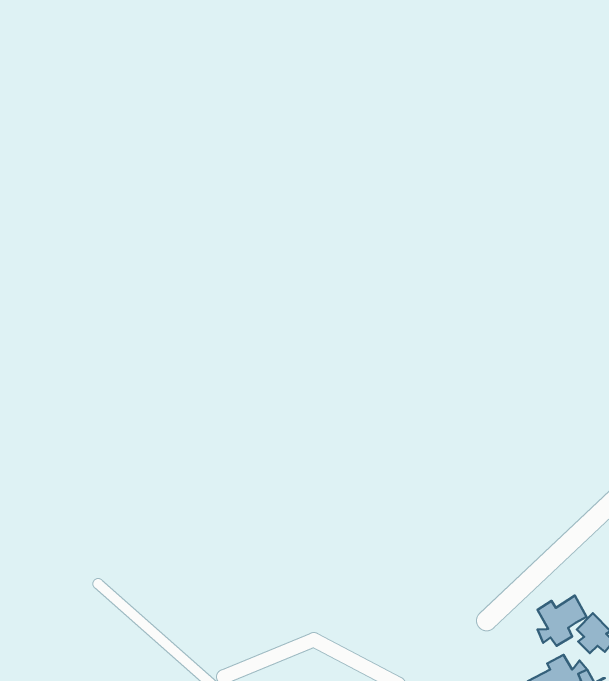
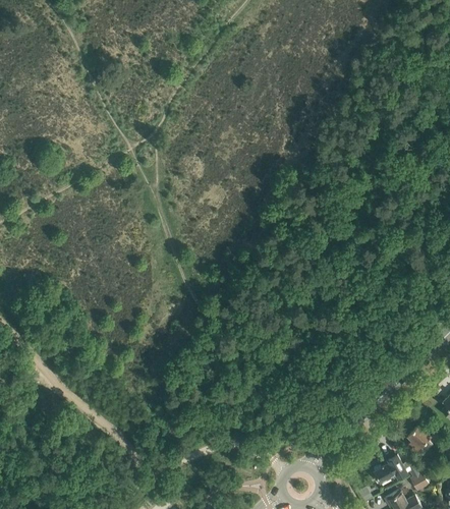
building: [537,595,586,646] -> none

